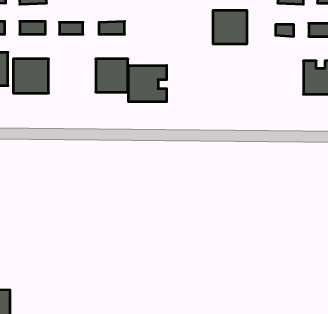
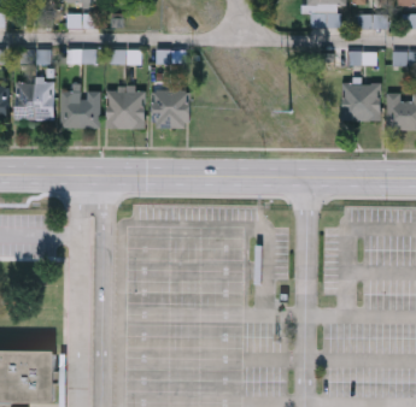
building: [213,11,247,44] -> [340,84,379,122]
building: none -> [106,89,143,129]
building: [129,65,167,102] -> none

